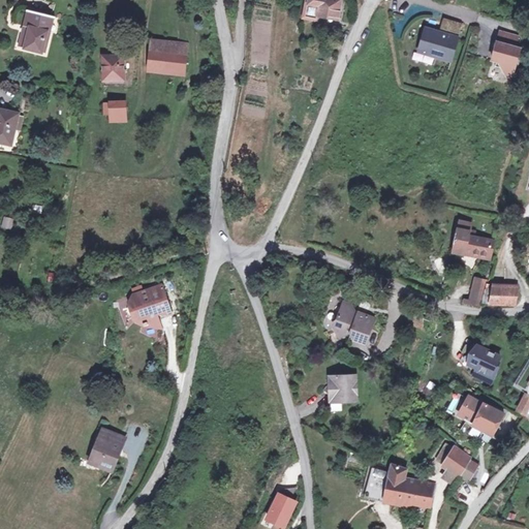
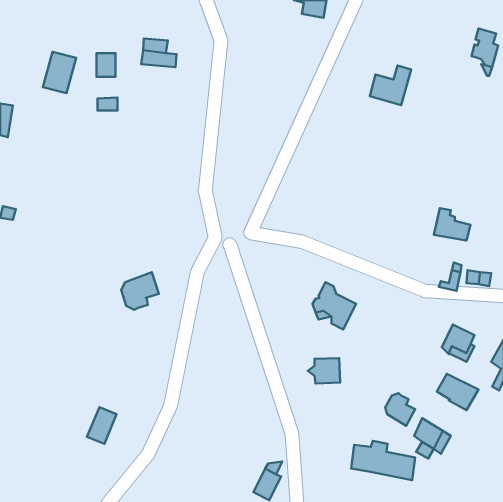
building: [14,10,50,54] -> [43,52,76,93]
building: [421,21,464,62] -> [370,66,411,105]
building: none -> [385,393,415,426]

